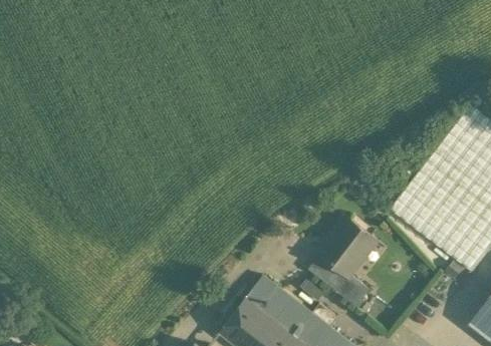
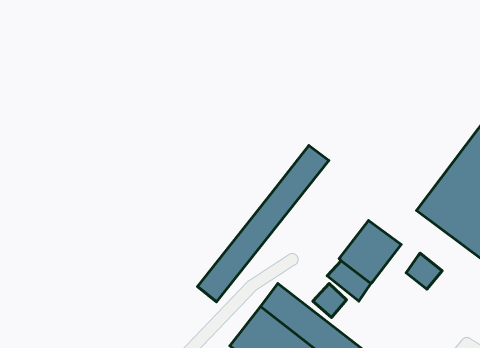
building: none -> [198,146,329,302]
building: [337,275,371,308] -> [406,253,442,289]

